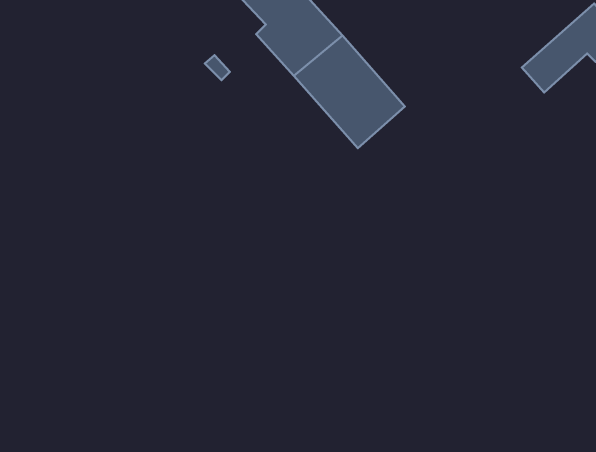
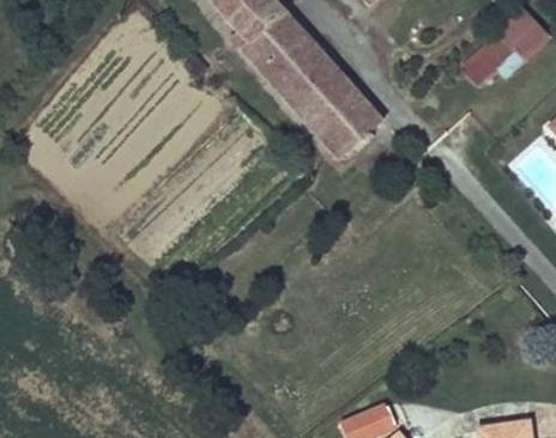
building: none -> [320,97,381,157]

